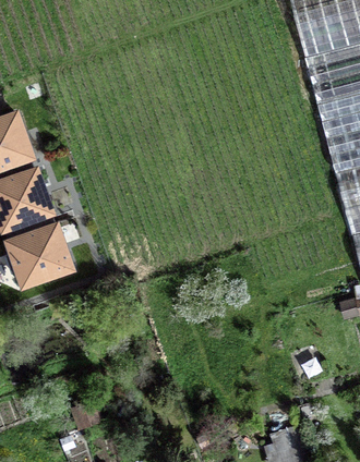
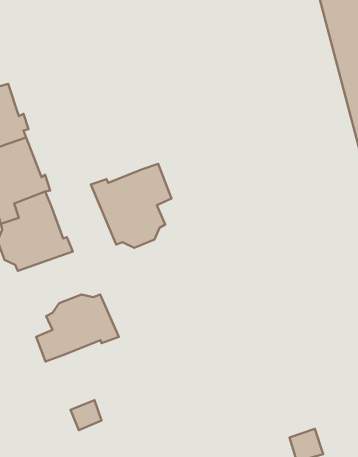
building: none -> [91,164,172,248]
building: none -> [36,295,119,361]

